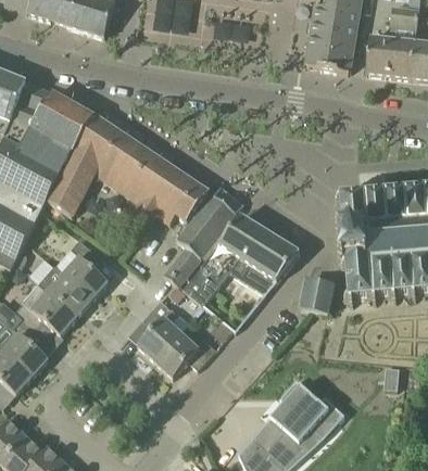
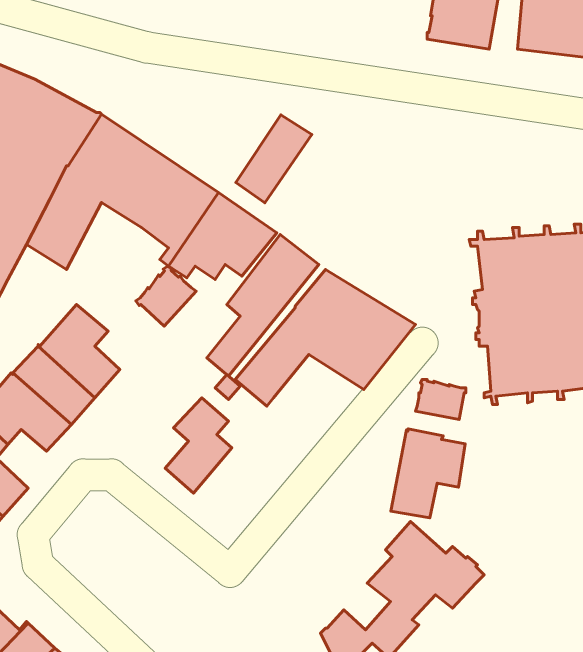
building: none -> [236,115,312,203]
building: none -> [136,266,196,326]
building: none -> [391,429,465,518]
building: [155,331,216,375] -> none

